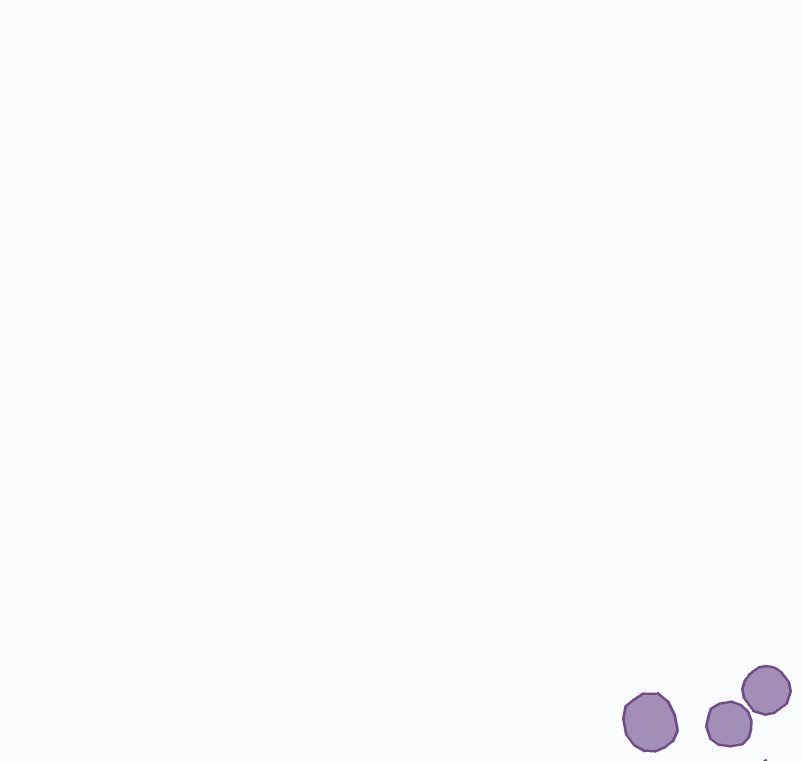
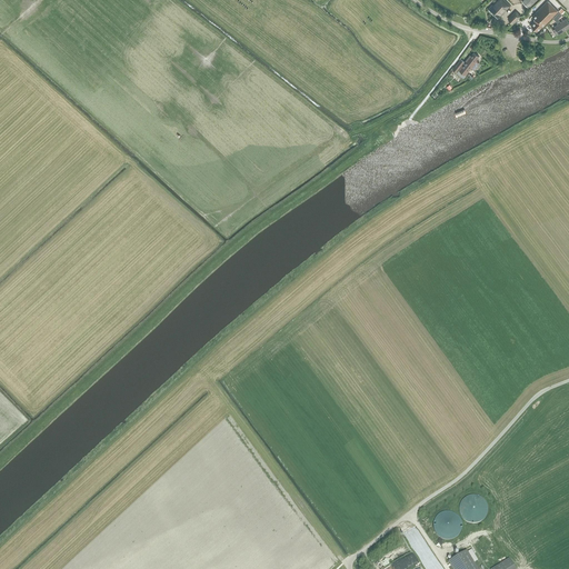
building: [624,693,677,751] -> none

